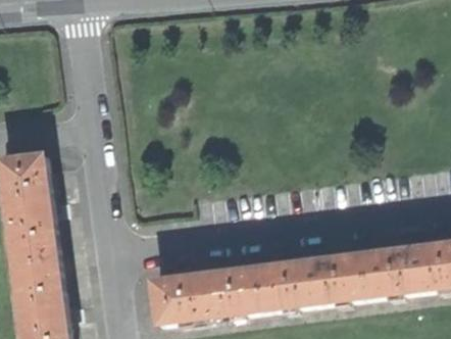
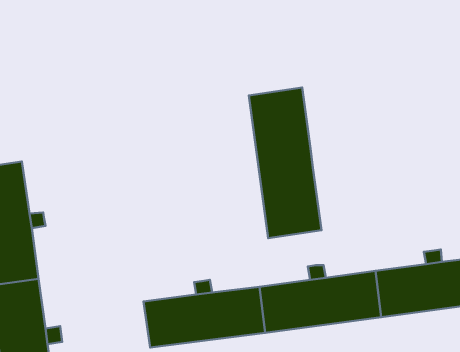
building: none -> [249,88,322,238]

